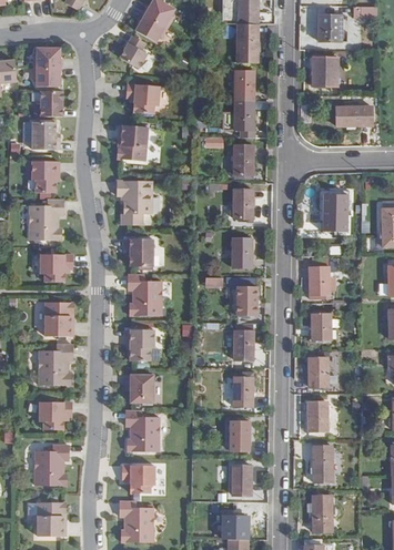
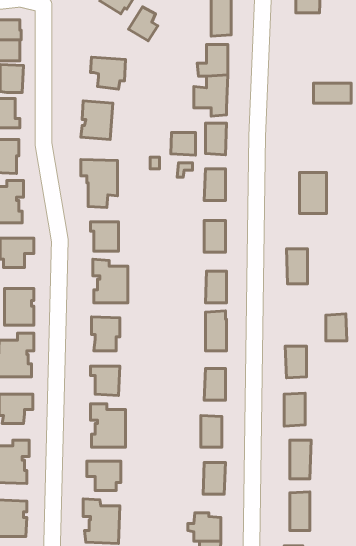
building: [119,35,147,68] -> [128,7,158,41]
building: [313,58,339,86] -> none
building: none -> [171,132,195,155]
building: [313,312,333,337] -> [326,314,347,341]

